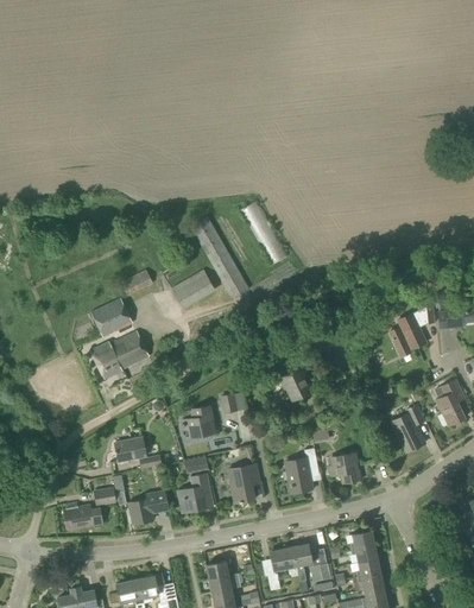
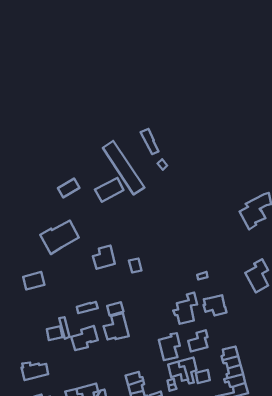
building: [90,298,132,337] -> none
building: [278,368,311,399] -> none
building: [182,406,214,439] -> [93,245,115,269]
building: [114,437,145,462] -> [23,272,44,290]
building: [228,464,259,504] -> [159,333,180,360]
building: [63,504,102,530] -> [22,362,48,380]
building: none -> [188,330,208,352]

